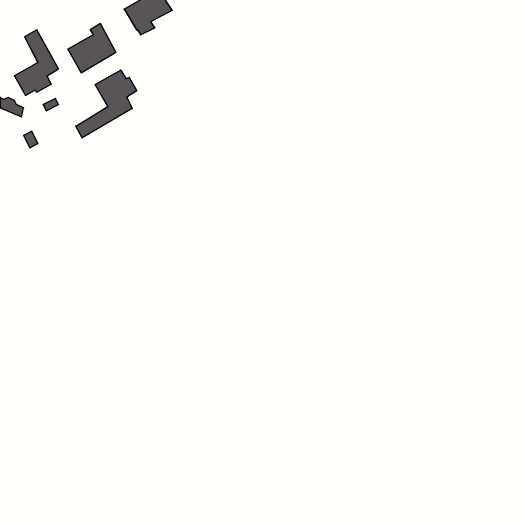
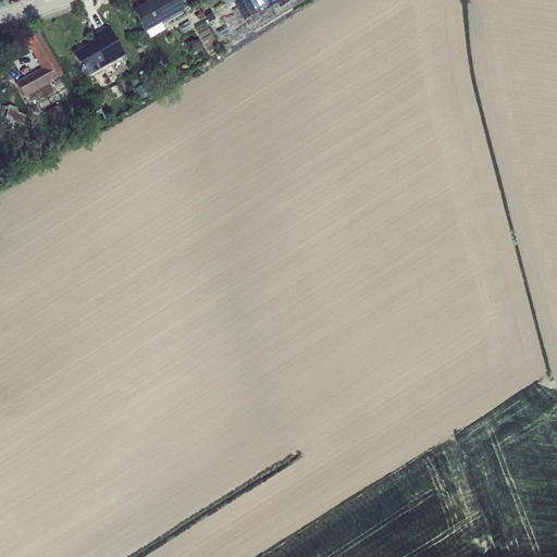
building: [76,70,137,138] -> none

